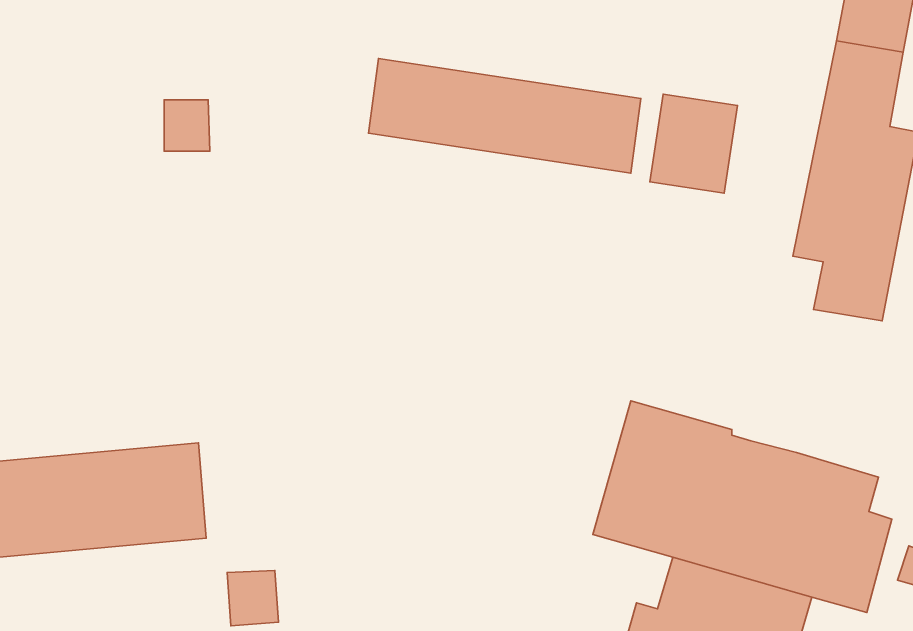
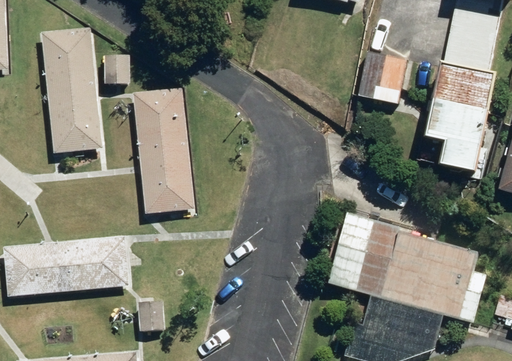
building: none -> [40,26,100,154]
building: [368,58,641,173] -> none
building: none -> [132,87,192,214]

